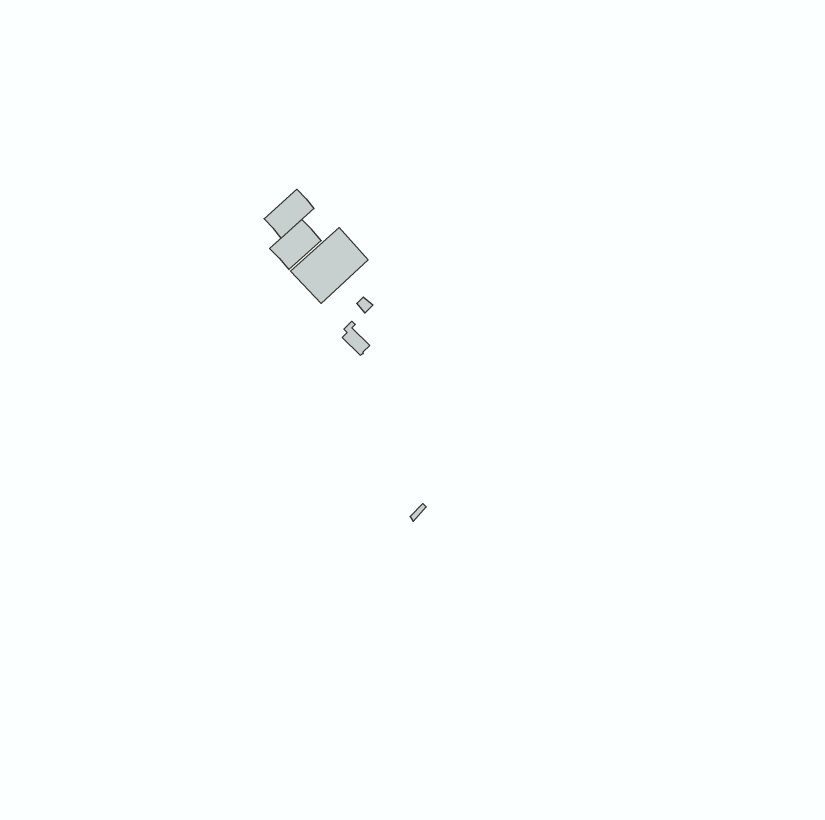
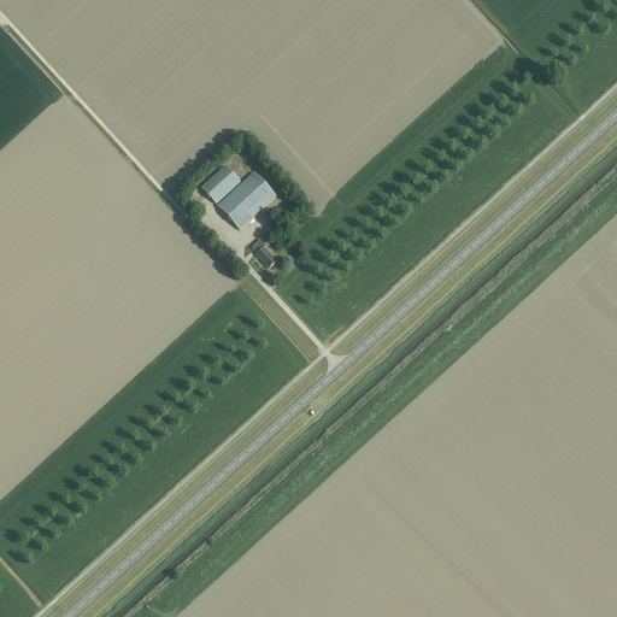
building: [264,189,314,238] -> none

